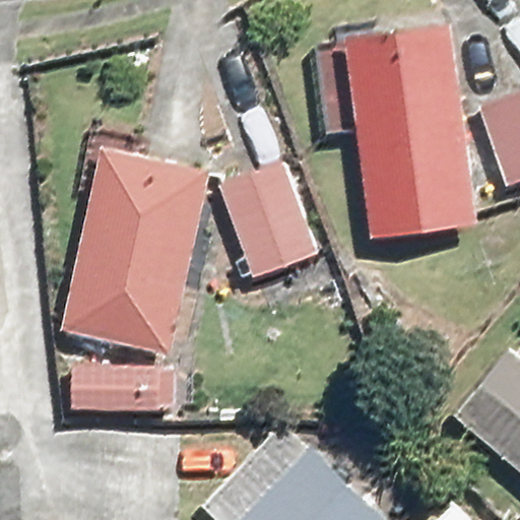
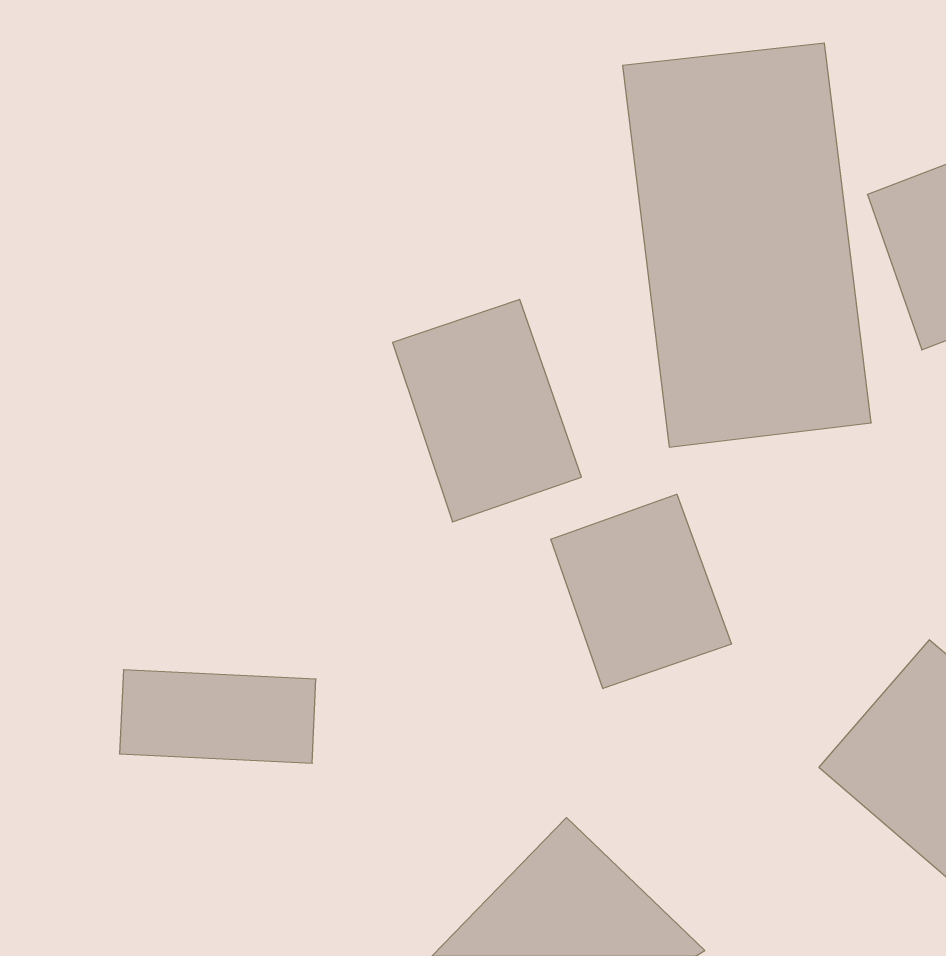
building: [60,146,209,351] -> none
building: none -> [551,494,731,689]

